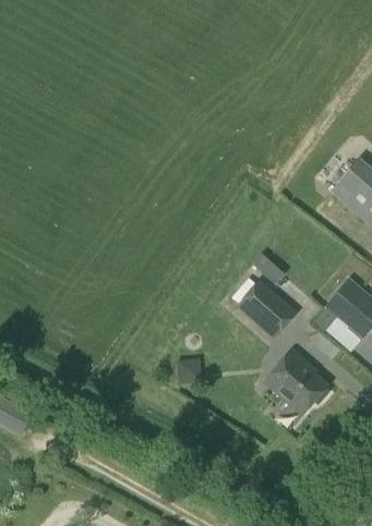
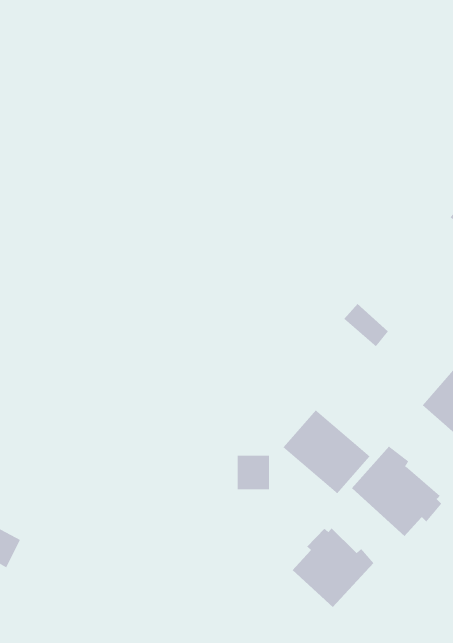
building: [238,280,299,339] -> [283,409,370,494]
building: none -> [292,528,374,608]

